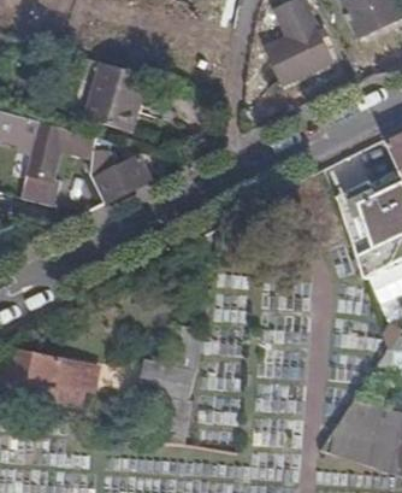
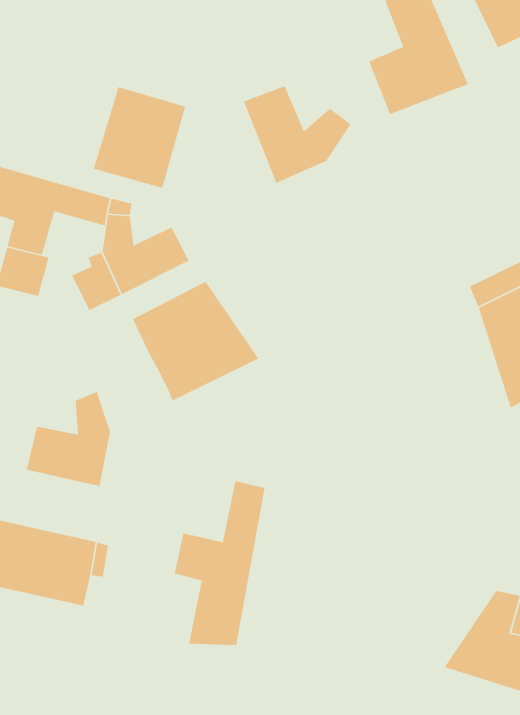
building: none -> [243,85,352,184]
building: none -> [132,281,259,402]
building: none -> [26,391,111,487]

